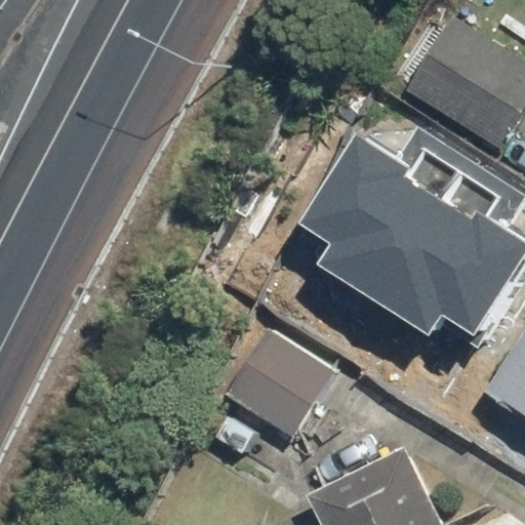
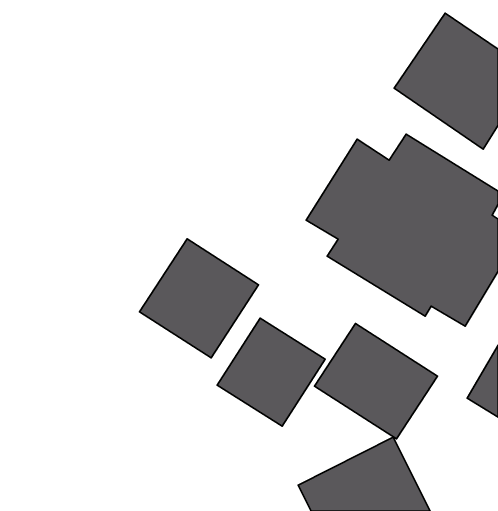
building: none -> [139,239,259,358]
building: none -> [315,324,437,439]

